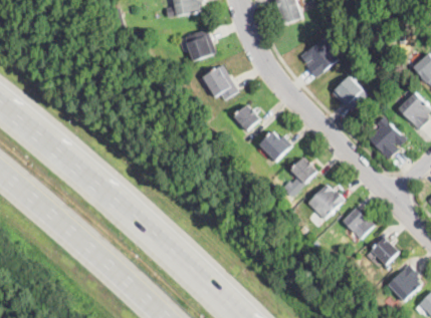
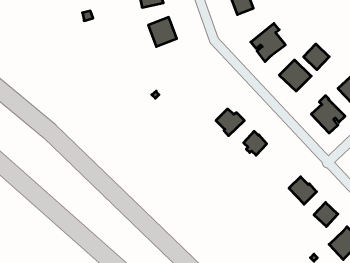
building: none -> [304,44,329,70]
building: [203,64,238,100] -> none
building: [234,104,260,130] -> none
building: [307,185,345,220] -> none

